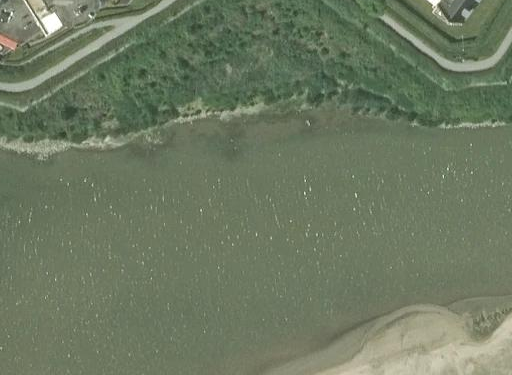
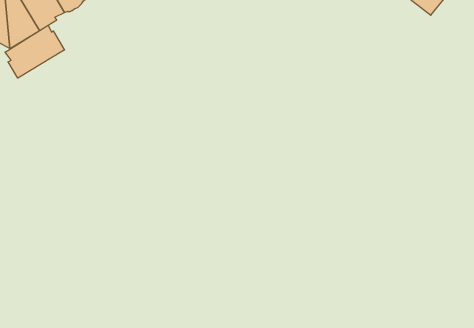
building: none -> [5,25,65,78]

